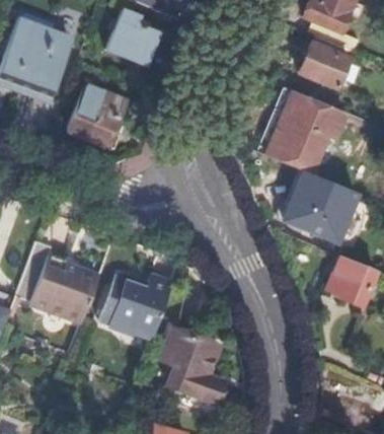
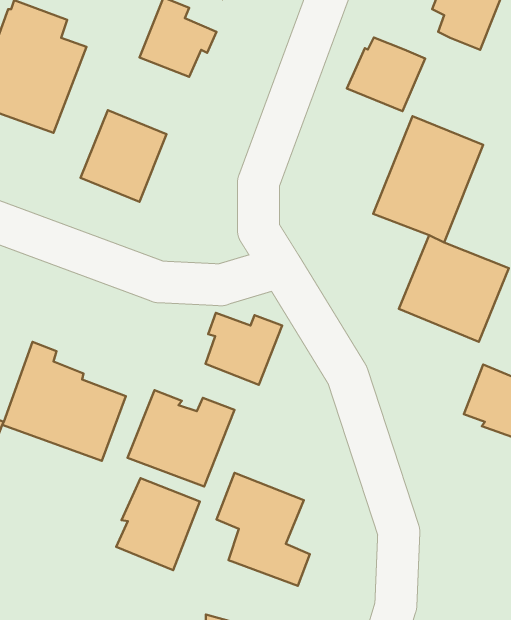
building: [299,38,352,87] -> [347,37,425,111]
building: none -> [206,313,282,385]
building: none -> [116,478,200,570]

